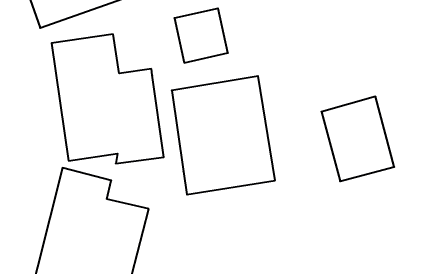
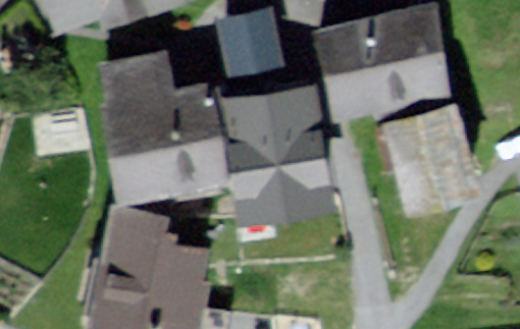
building: none -> [329,13,457,117]

